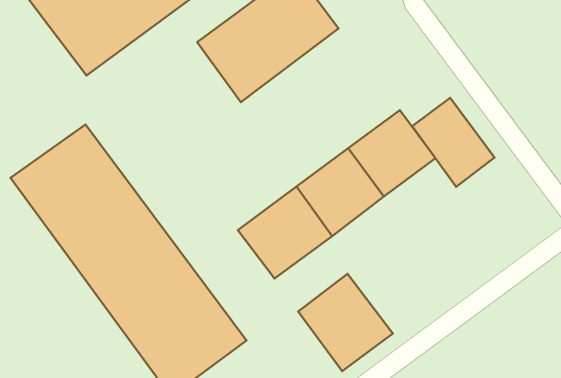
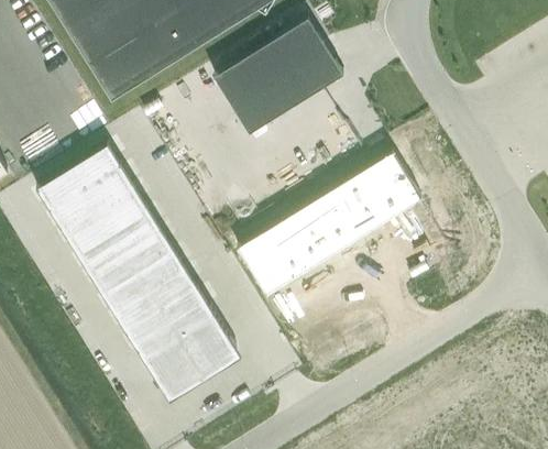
building: [412,98,494,187] -> none
building: [298,274,393,371] -> none

